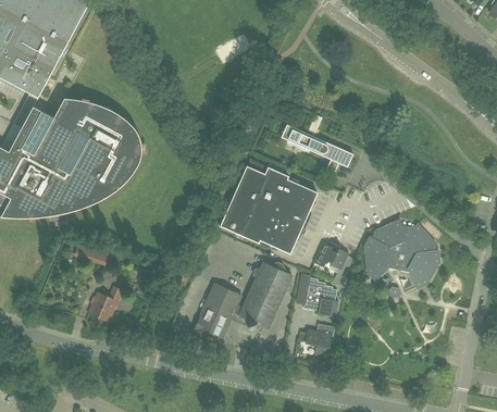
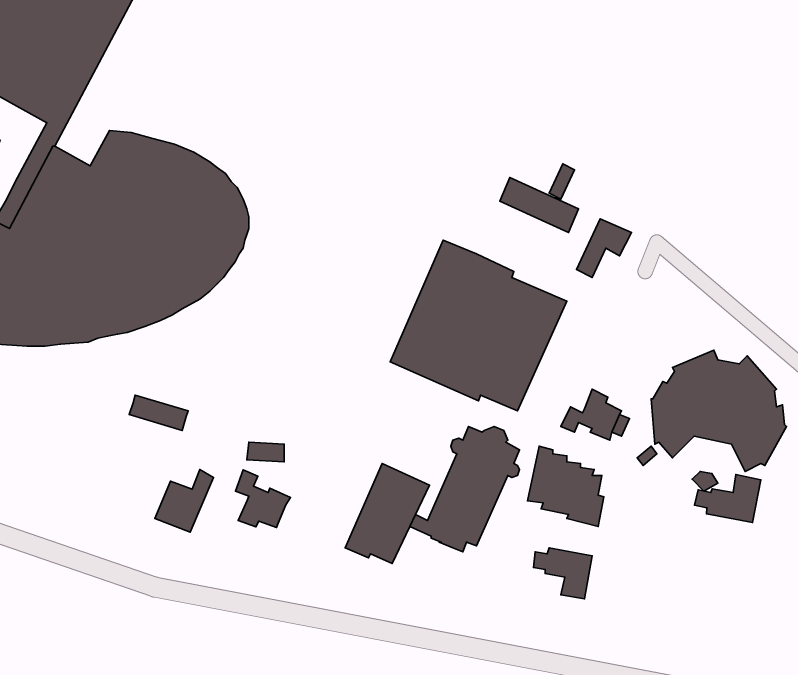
building: none -> [235,470,290,528]
building: none -> [694,475,761,523]

